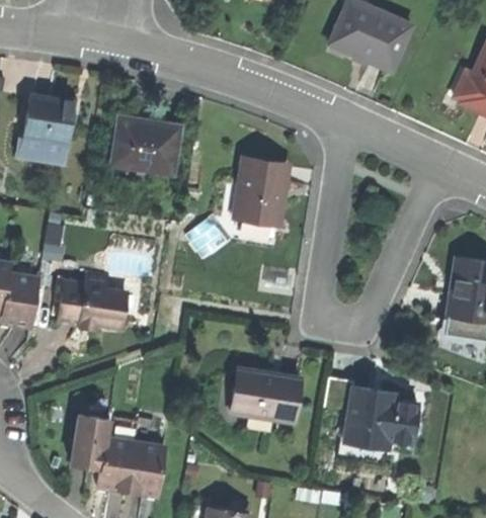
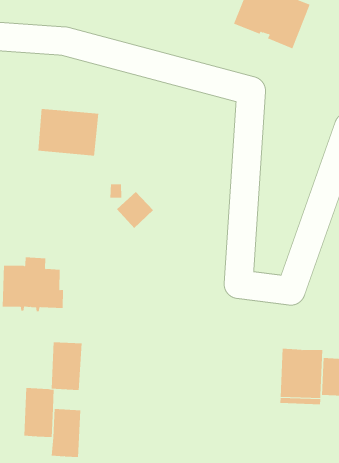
building: [235,160,288,226] -> none
building: [230,371,301,424] -> none
building: [129,438,166,492] -> [51,342,83,391]

